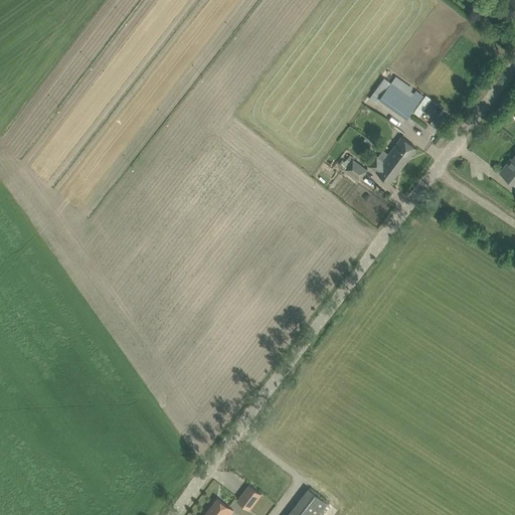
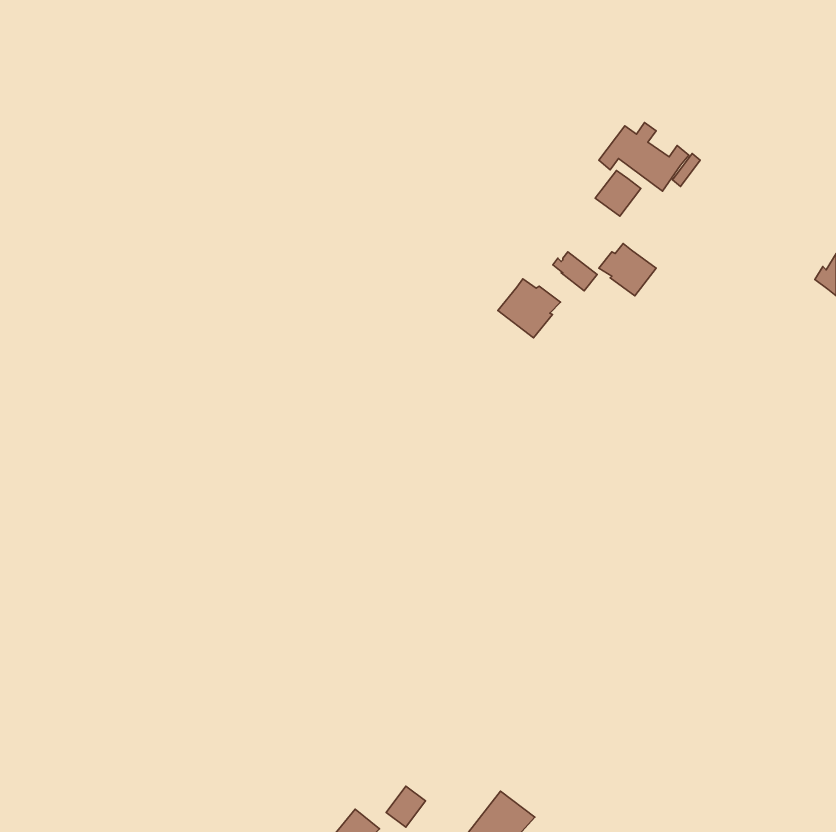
building: [388,139,416,167] -> [595,170,641,216]
building: none -> [498,279,561,338]

